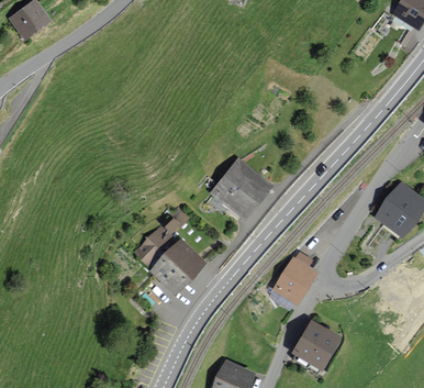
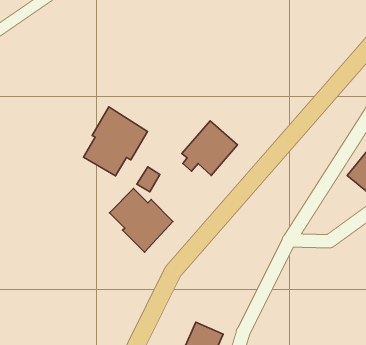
building: none -> [84,107,147,176]
building: [275,258,314,301] -> none
building: [294,320,339,367] -> none

